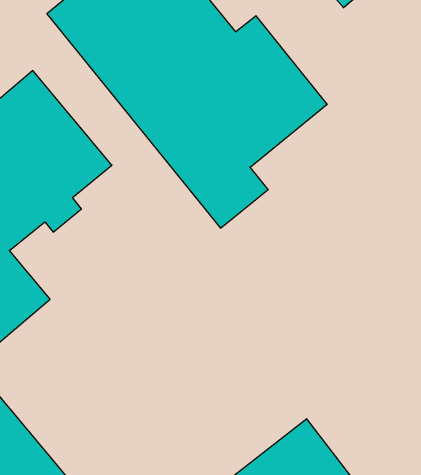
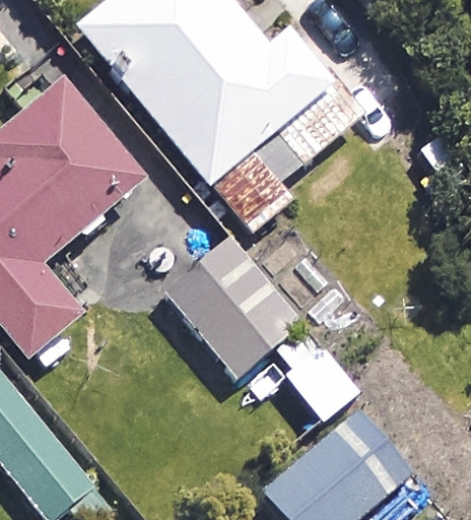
building: none -> [164,236,354,413]

